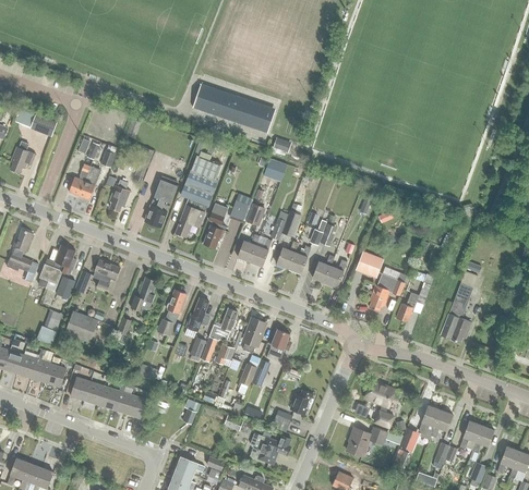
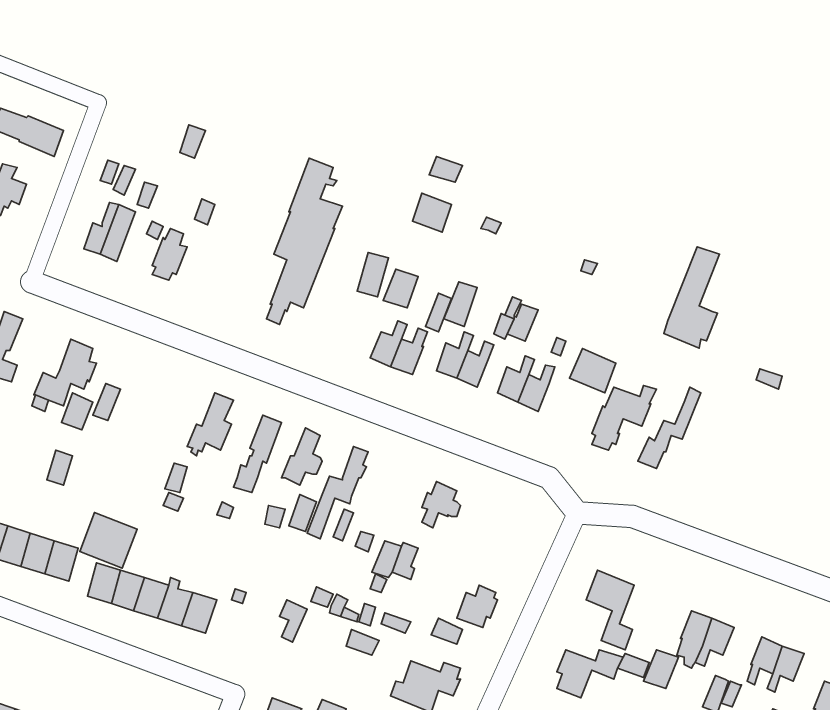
building: [192,83,273,132] -> none
building: [144,175,178,225] -> none
building: [203,203,227,247] -> none
building: [94,258,119,290] -> none
building: [441,282,473,342] -> [664,247,719,348]
building: [64,309,98,342] -> [80,513,137,568]
building: [242,316,266,351] -> none

